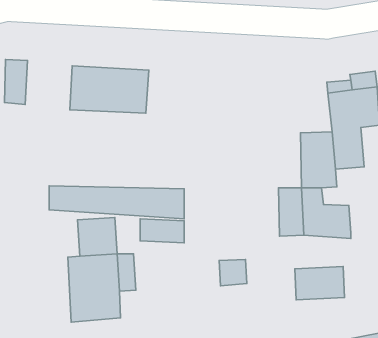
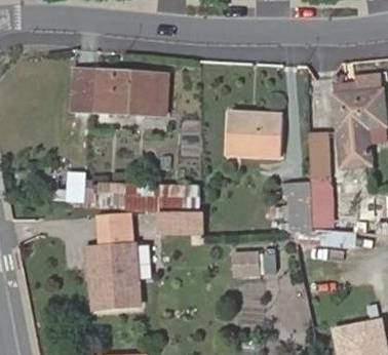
building: [4,60,27,105] -> [74,69,95,111]
building: none -> [226,112,280,156]
building: [295,267,345,300] -> none

